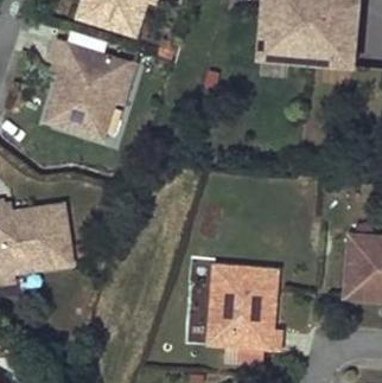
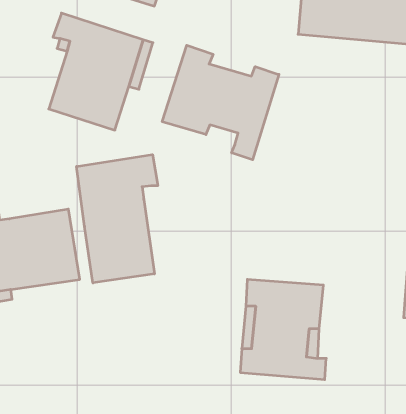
building: none -> [162,45,279,160]
building: none -> [77,155,158,283]

